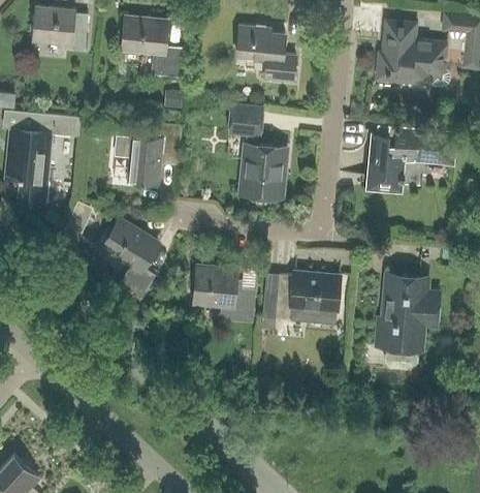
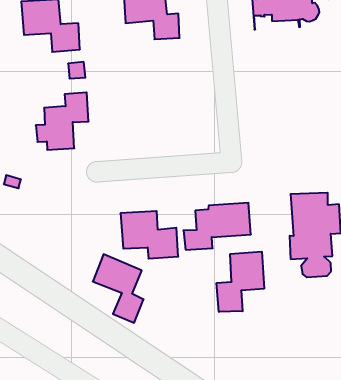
building: [230,105,287,197] -> none
building: [367,128,455,190] -> none
building: [102,219,158,300] -> [93,254,144,323]
building: none -> [217,252,264,312]

